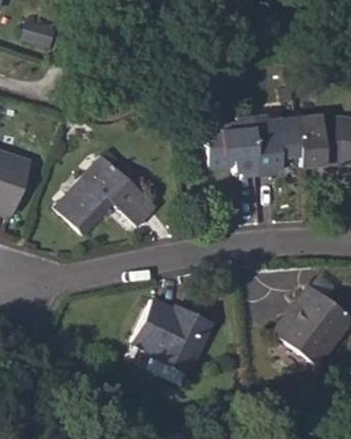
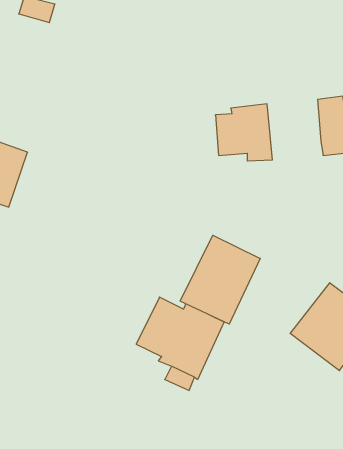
building: [253,116,302,171] -> none
building: [55,157,158,235] -> none
building: none -> [180,235,260,324]

